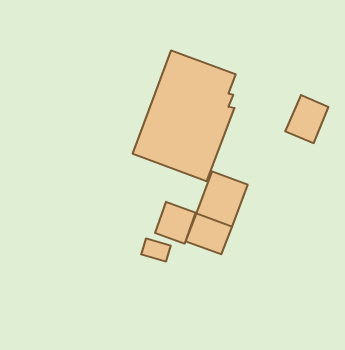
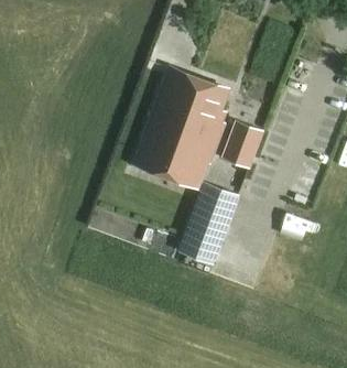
building: [285,95,328,143] -> [223,123,262,167]
building: [155,202,195,244] -> none

